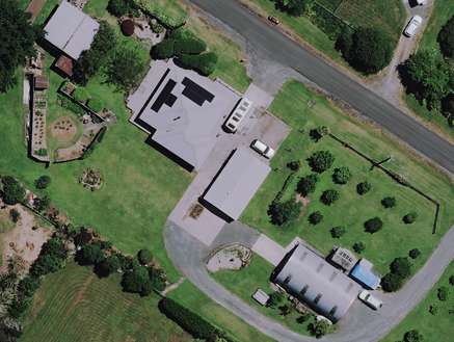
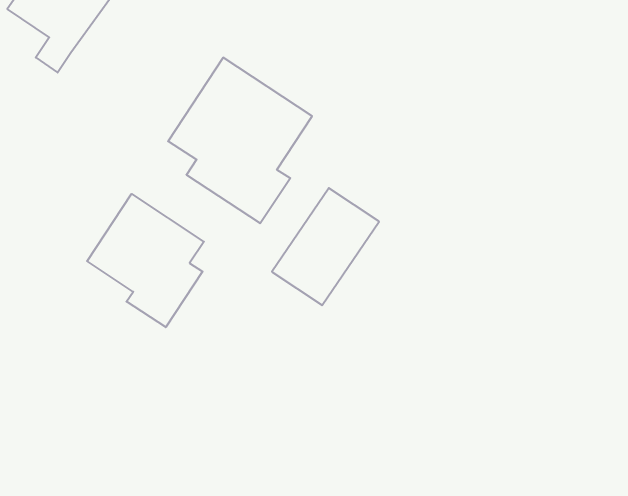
building: none -> [87,194,204,327]
building: [275,242,362,319] -> none

